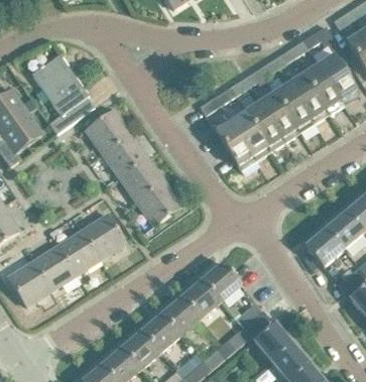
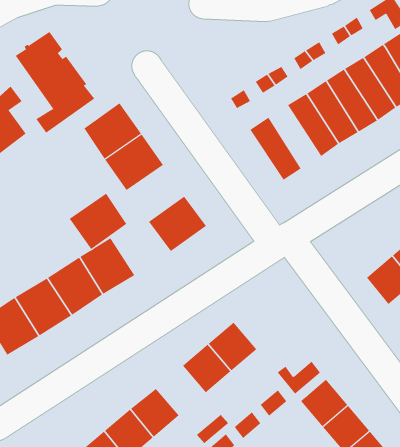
building: [230,111,270,160] -> none
building: [119,157,164,202] -> [69,193,127,250]
building: [203,262,241,300] -> none
building: [142,313,180,352] -> none

